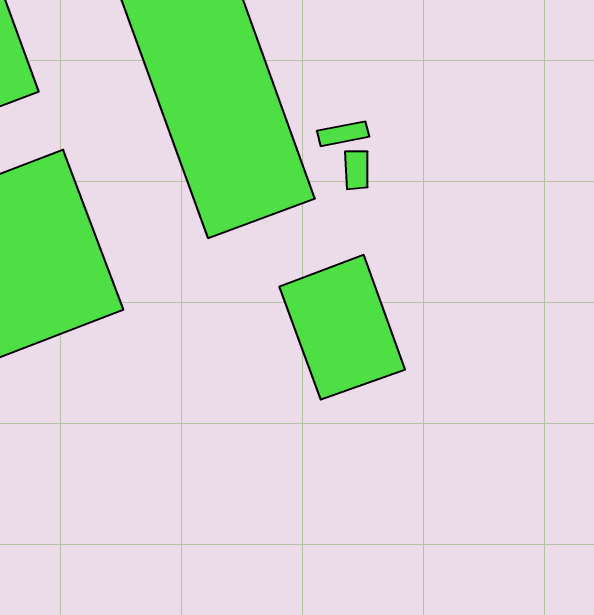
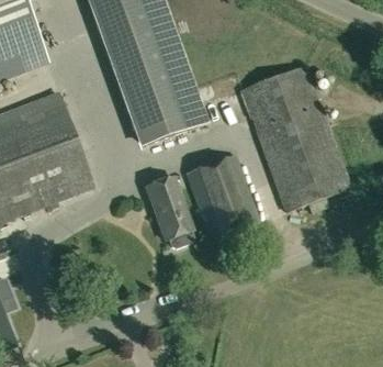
building: none -> [243,66,350,210]
building: none -> [146,176,194,247]

